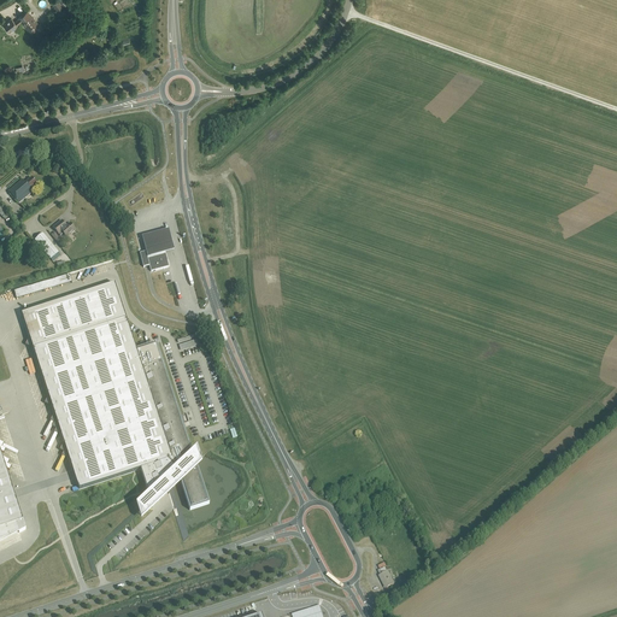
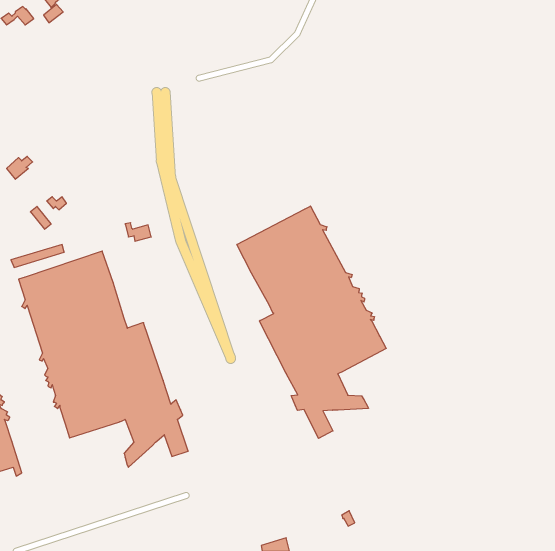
building: [140,225,172,254] -> none
building: none -> [237,206,386,438]

